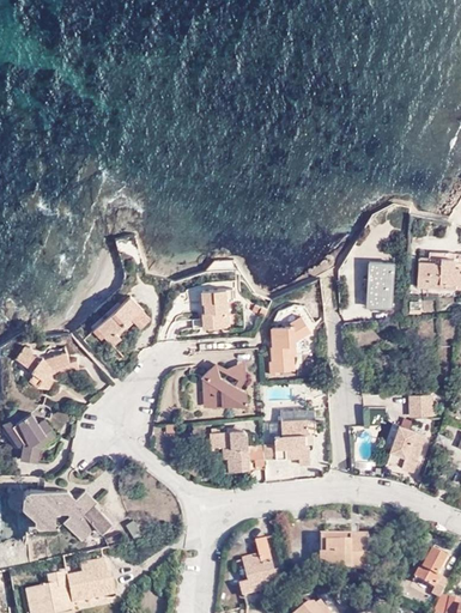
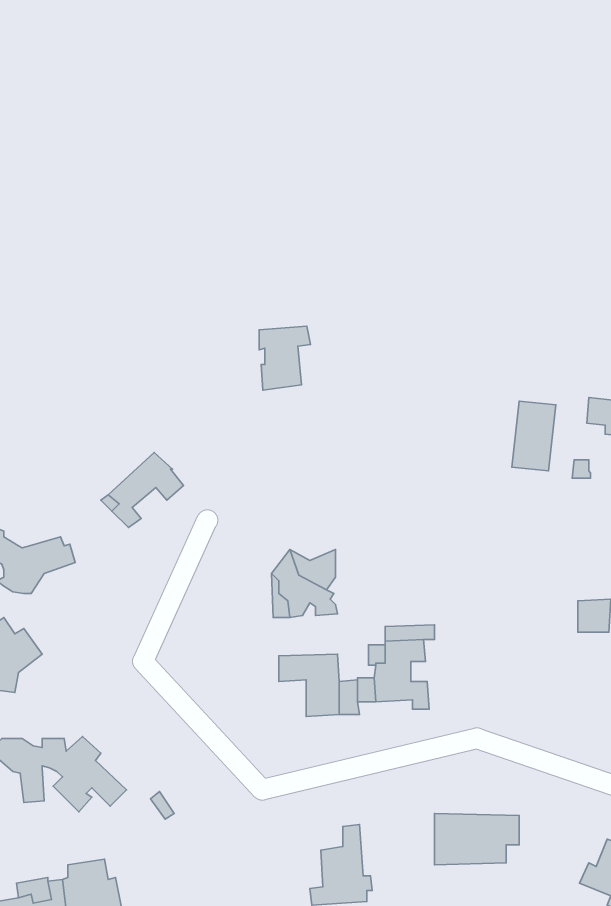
building: [201,290,235,332] -> [259,326,311,390]
building: [271,315,310,375] -> none
building: [387,425,424,471] -> none

